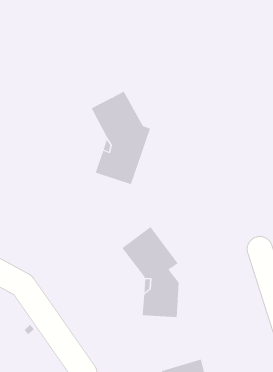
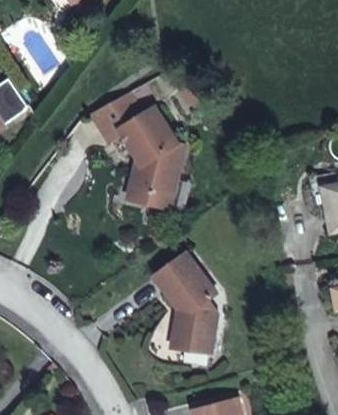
building: none -> [91,85,154,141]

